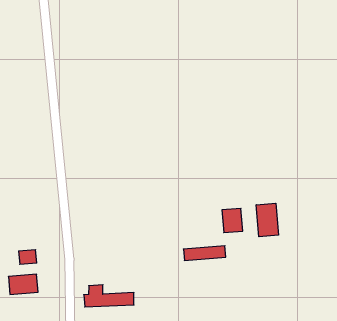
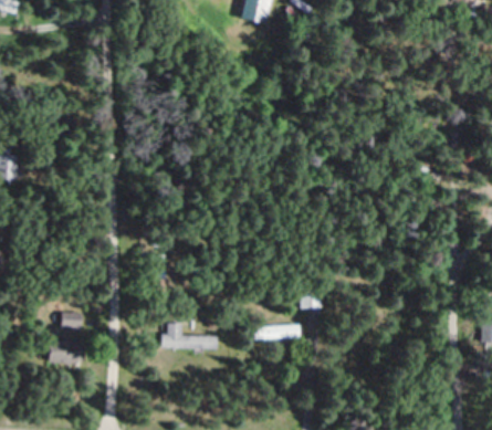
building: [256,203,278,237] -> none
building: [84,285,134,307] -> [161,324,220,350]

